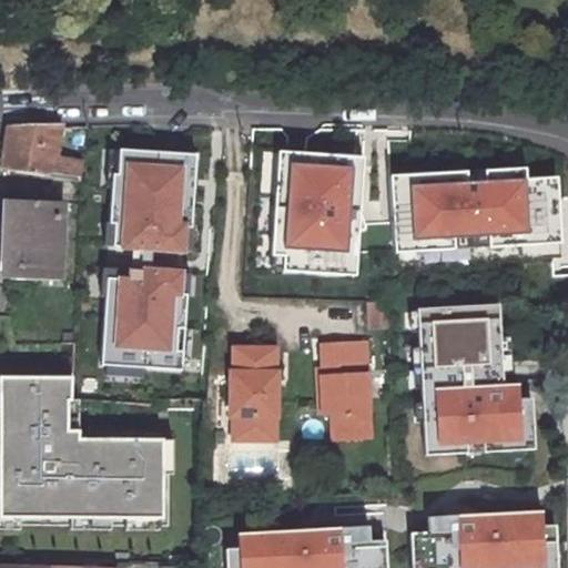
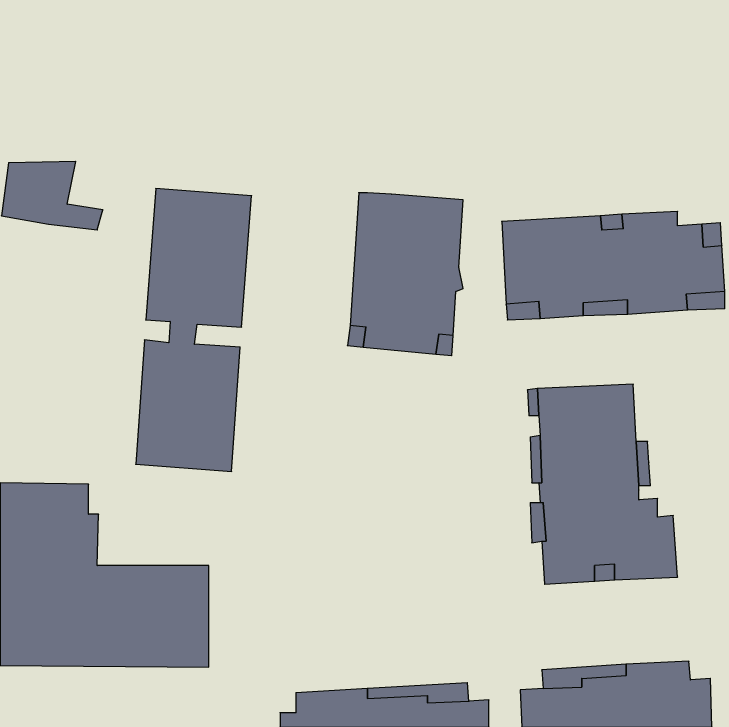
building: [12,203,64,283] -> none
building: [322,338,371,438] -> none
building: [226,348,274,440] -> none

